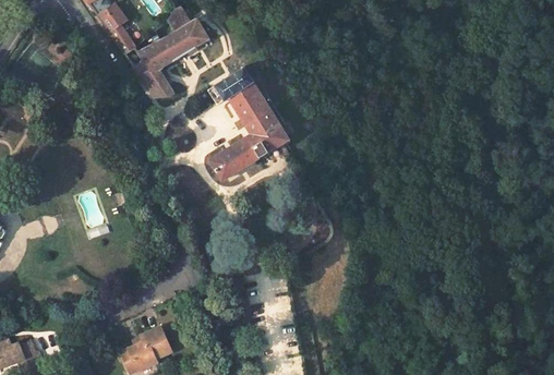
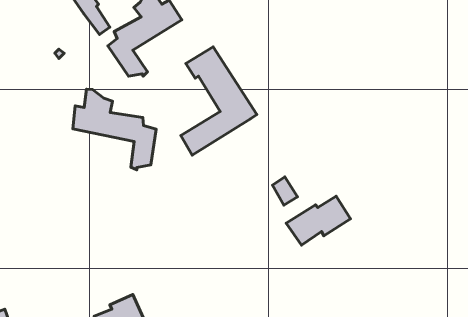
building: none -> [73,89,156,170]
building: none -> [286,196,351,245]

